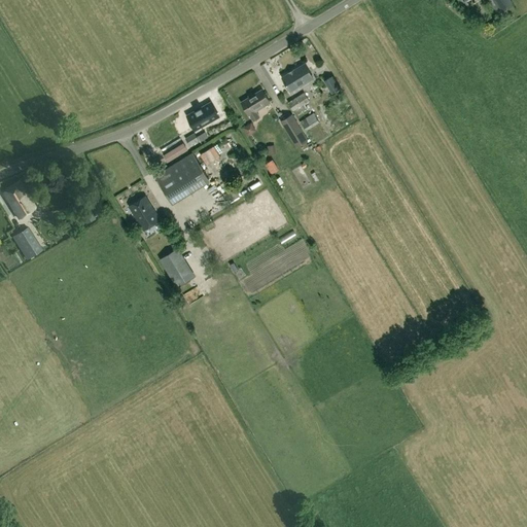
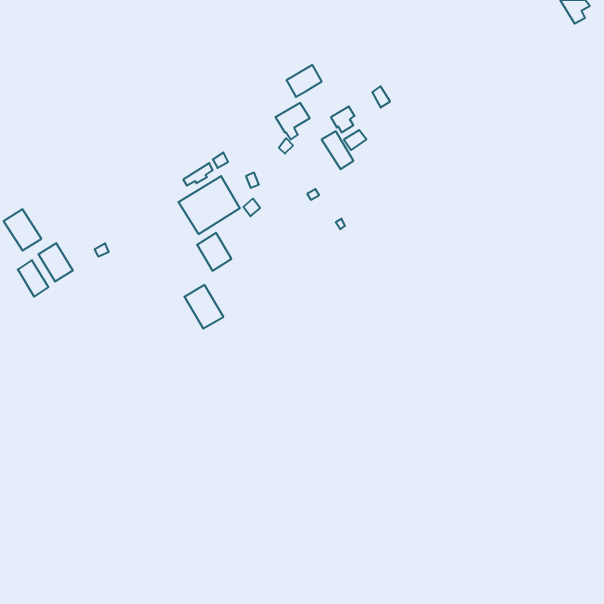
building: [282,64,313,92] -> [286,65,322,97]
building: [187,102,219,130] -> none
building: [130,197,160,230] -> [197,233,231,271]
building: none -> [38,243,73,282]

